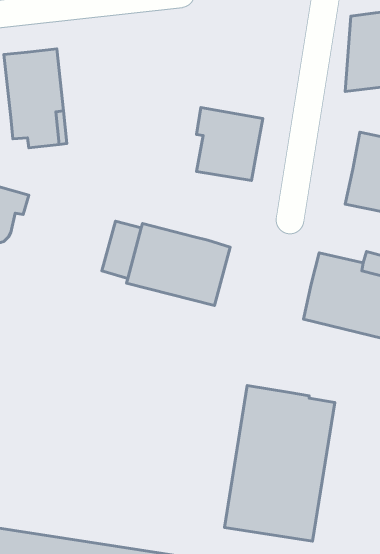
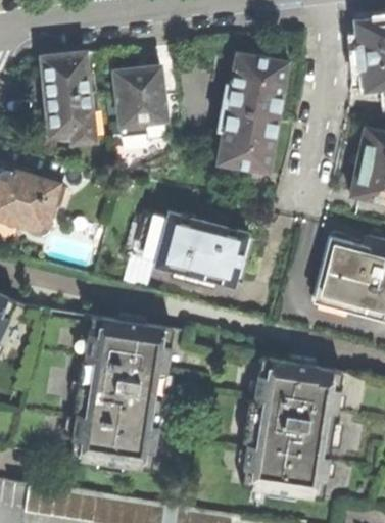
building: none -> [221,52,286,116]
building: none -> [113,65,165,138]
building: none -> [69,317,173,471]

